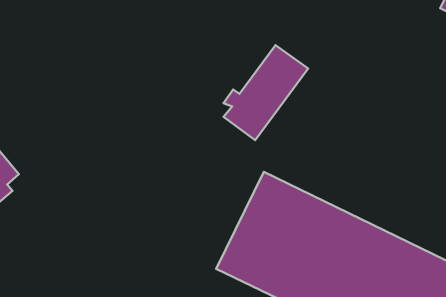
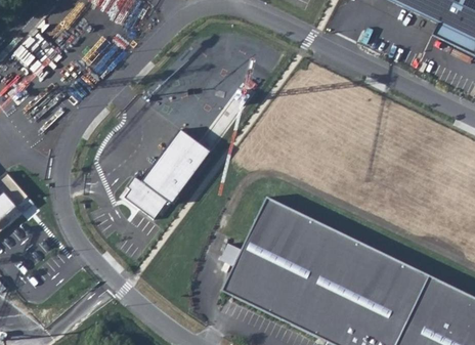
building: [224,45,308,140] -> [125,129,207,221]

